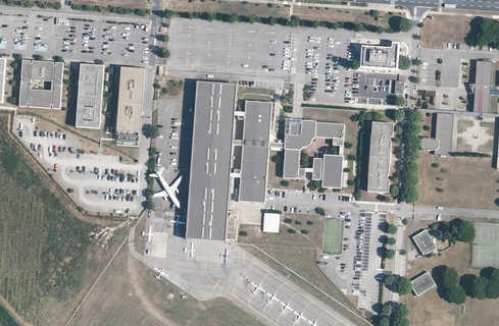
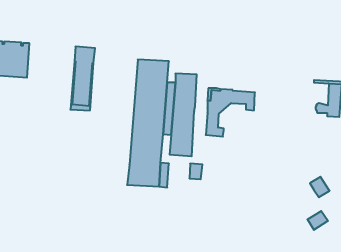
building: [361,43,398,68] -> none
building: [76,63,104,128] -> none
building: [367,121,394,192] -> none
building: [312,154,344,188] -> none

